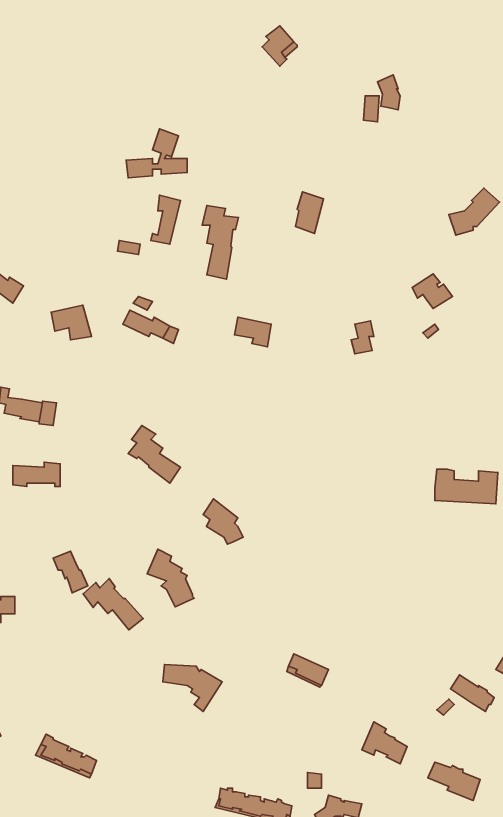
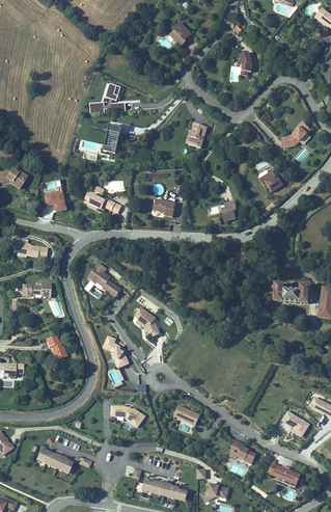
building: [202,205,239,279] -> none
building: [83,578,143,630] -> none

